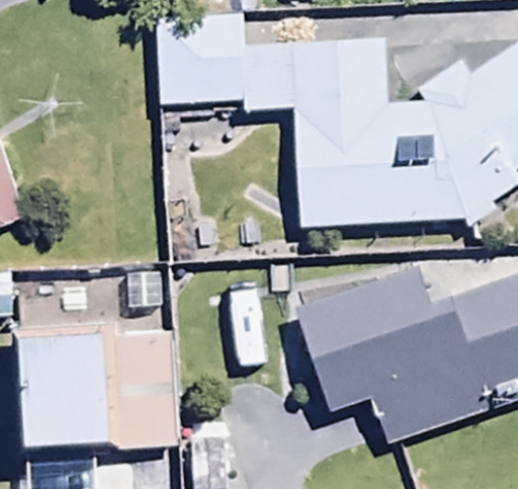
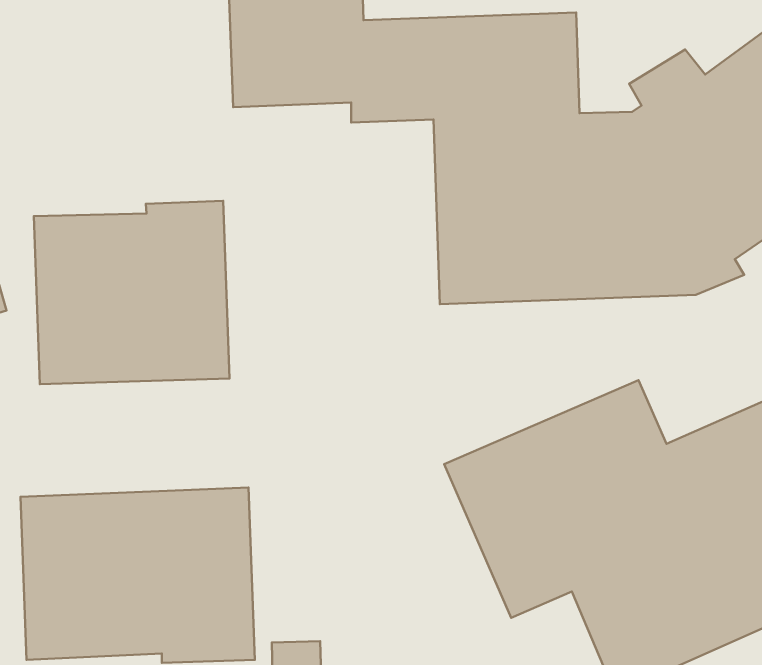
building: none -> [34,201,230,384]

